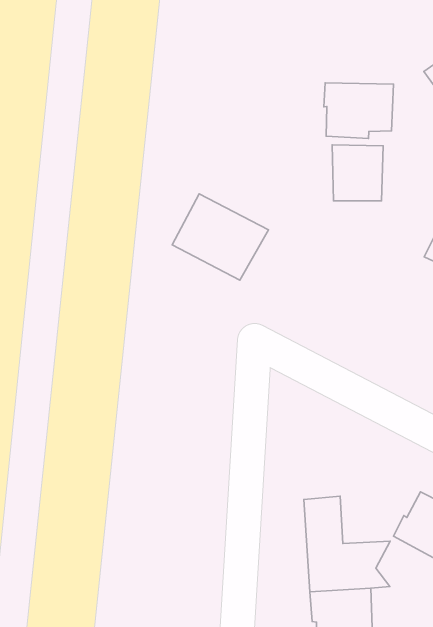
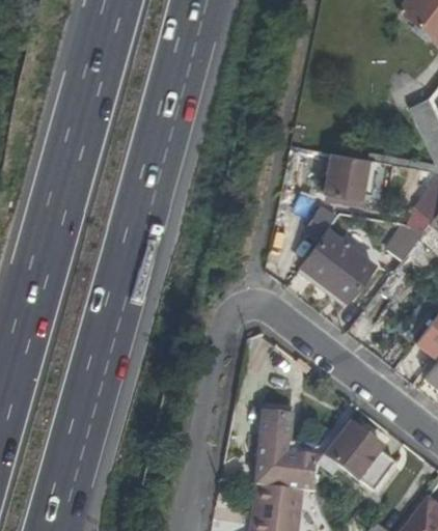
building: [324,83,394,139] -> none
building: [172,194,268,280] -> [299,231,374,302]

